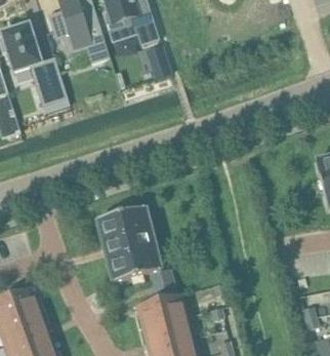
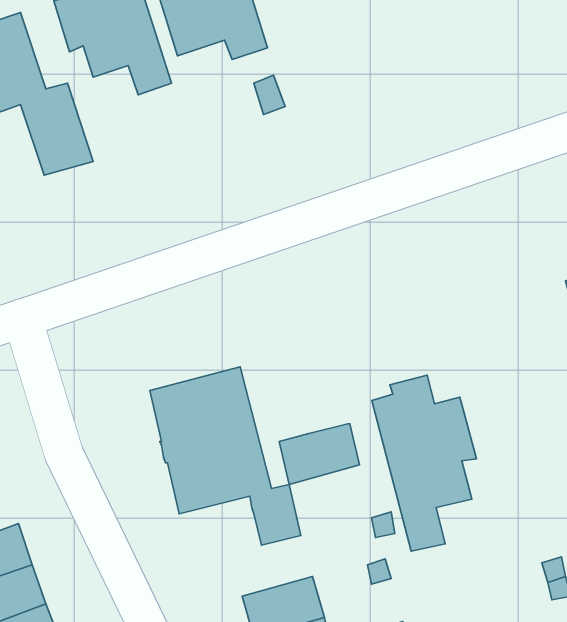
building: none -> [372,375,476,551]
building: [140,293,182,325] -> [279,424,360,484]

